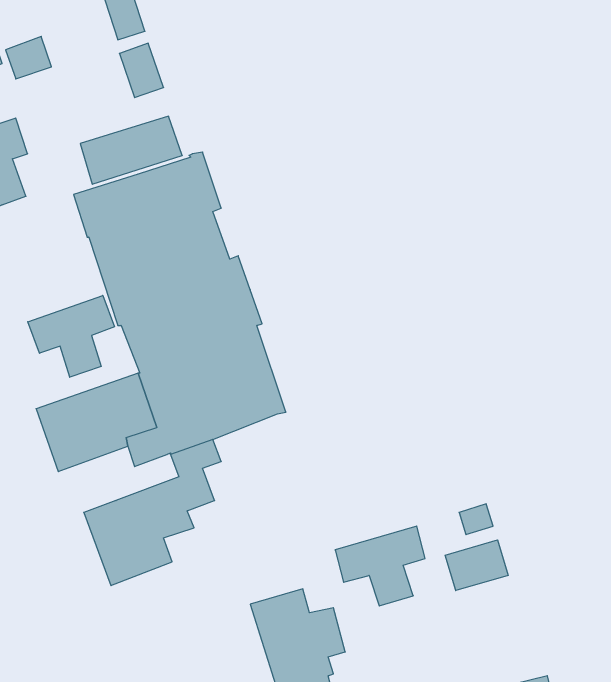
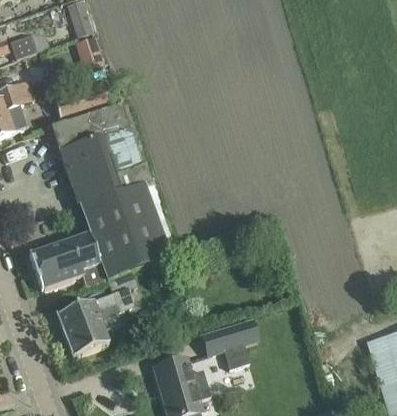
building: [28,295,115,377] -> none
building: [445,540,508,591] -> none

